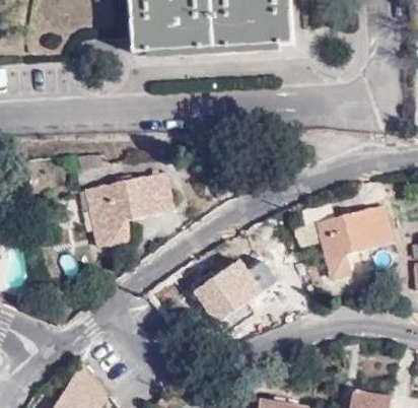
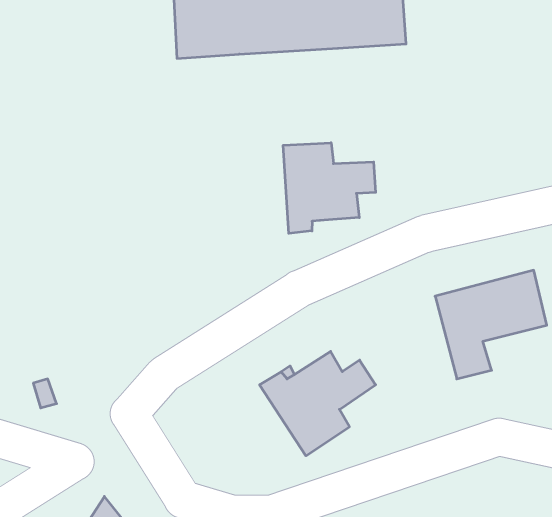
building: none -> [283,143,376,233]
building: [82,172,169,245] -> none

